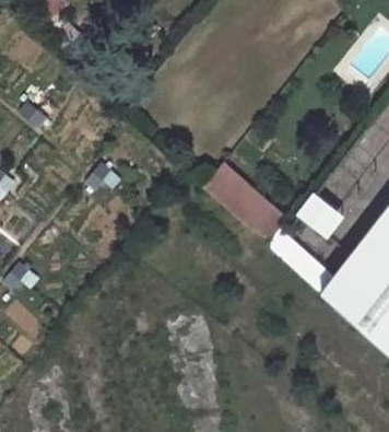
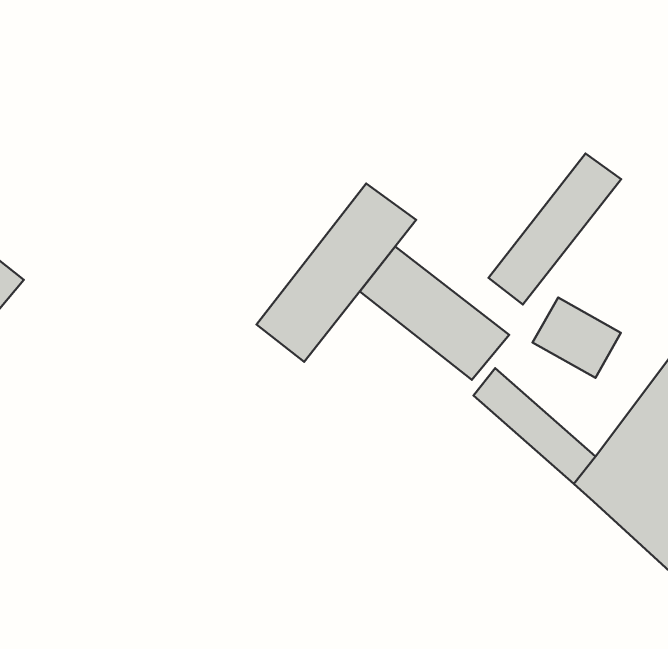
building: none -> [489,153,621,304]
building: none -> [256,183,416,362]

